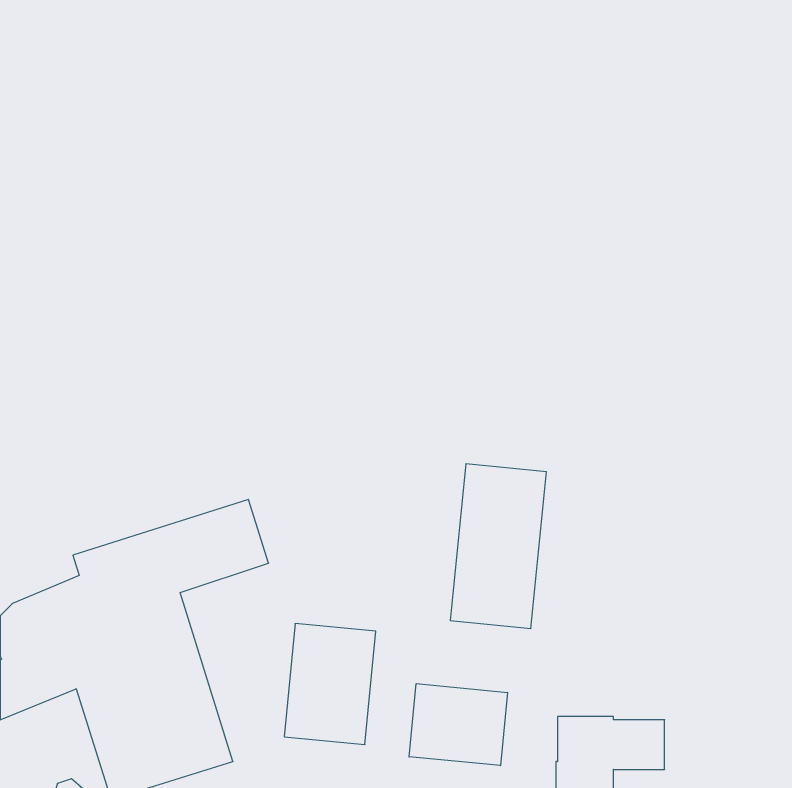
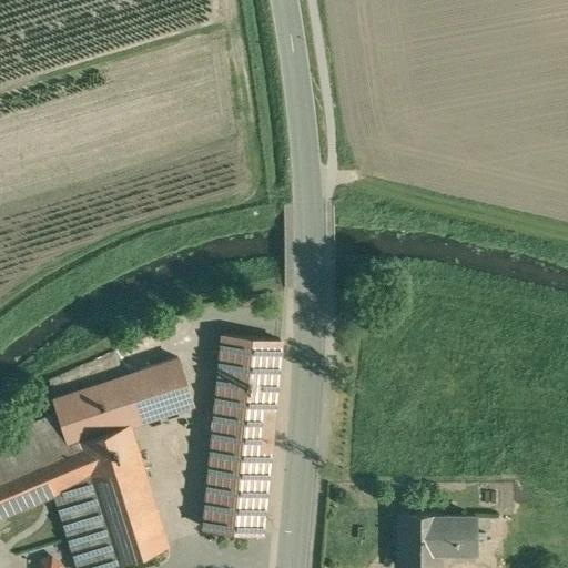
building: [450,464,546,628] -> [212,337,281,455]
building: [409,684,507,766] -> none

